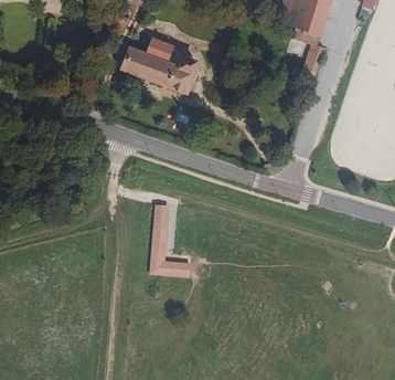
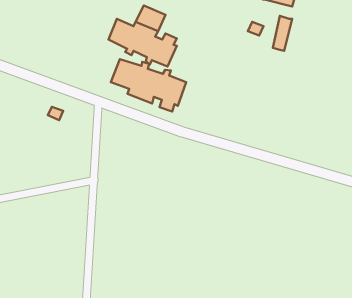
building: none -> [111,59,186,112]
building: [148,209,189,281] -> none

